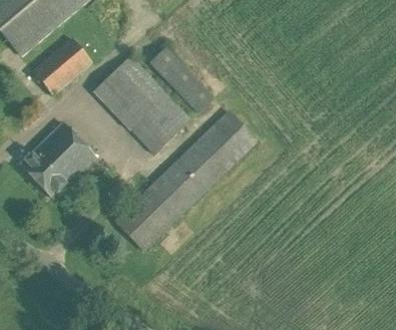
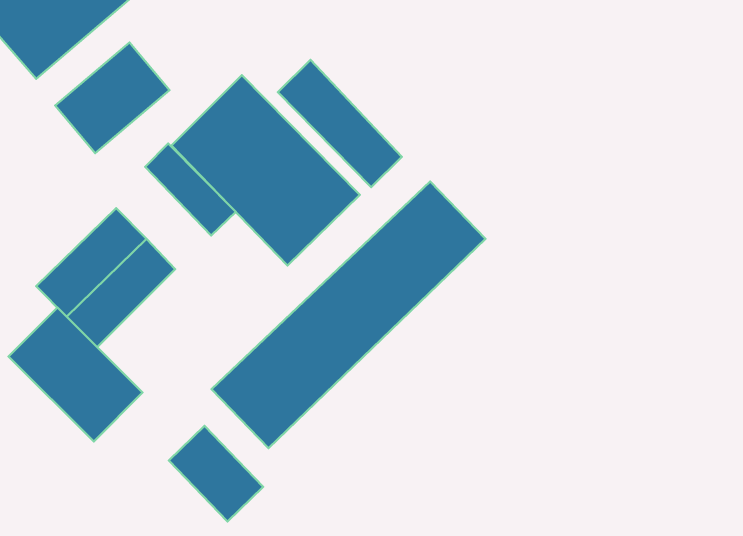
building: none -> [145,143,236,235]
building: none -> [9,307,142,442]
building: none -> [169,426,263,521]

